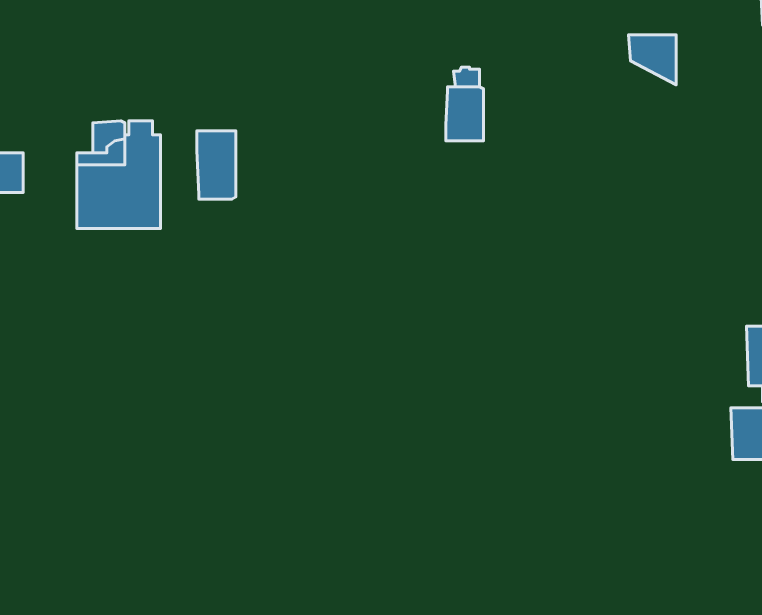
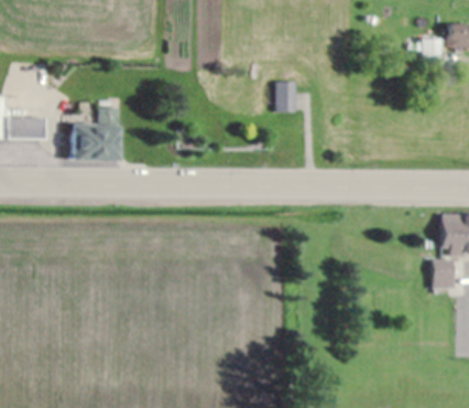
building: [628,35,676,85] -> [415,37,441,65]
building: [197,131,236,199] -> none

